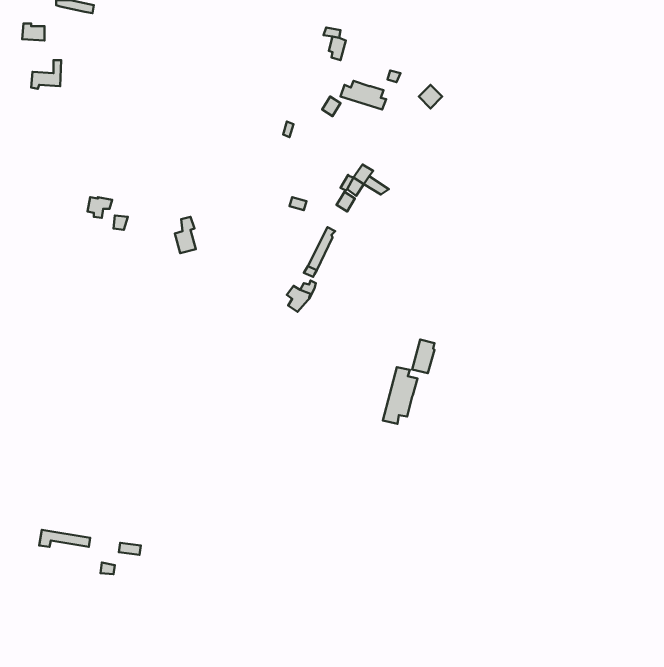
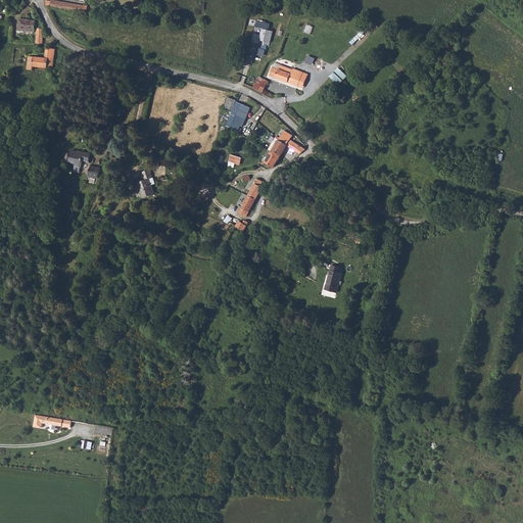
building: none -> [224,100,248,131]
building: [383,367,417,424] -> none

